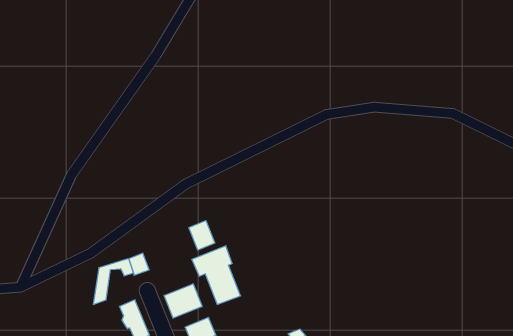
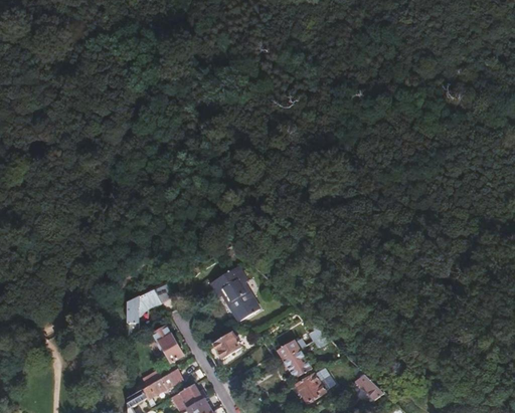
building: [189,221,215,250] -> none
building: [164,284,202,318] -> none

